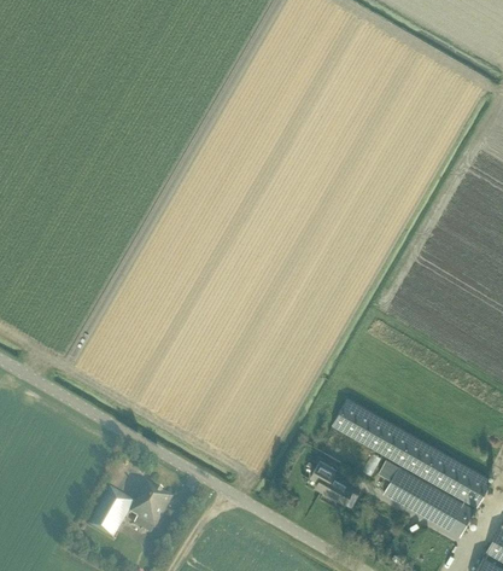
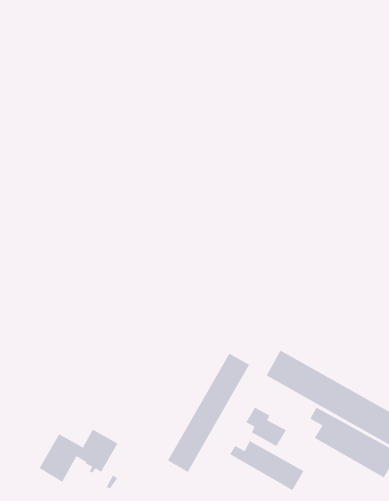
building: none -> [167,353,250,473]
building: none -> [229,440,304,491]

